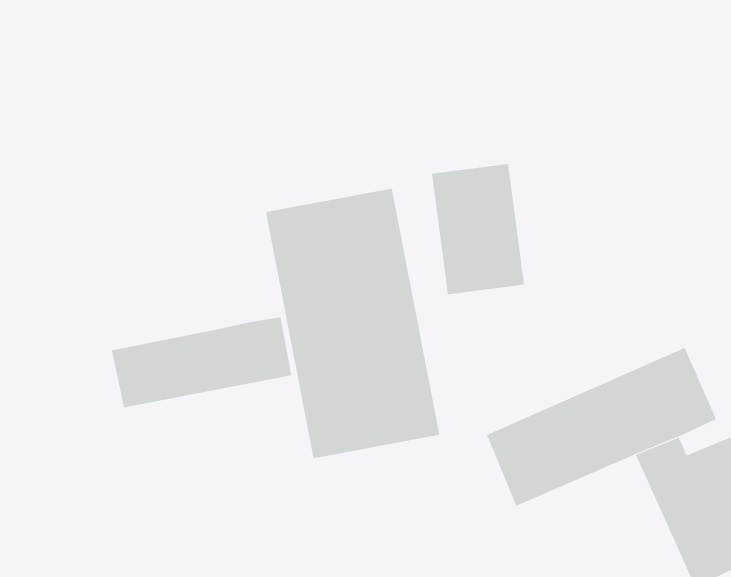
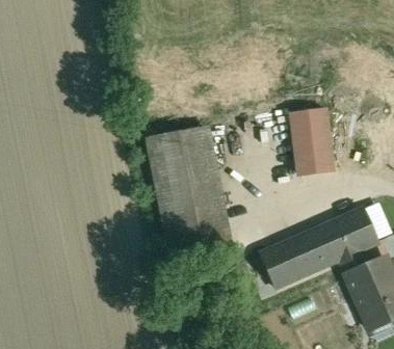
building: [431,163,525,295] -> [287,106,336,174]
building: [111,316,292,408] -> none

